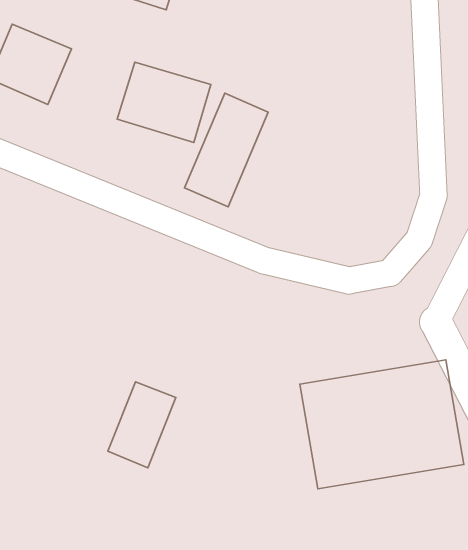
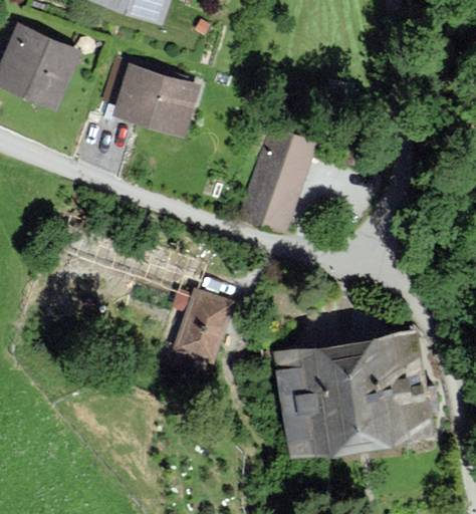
building: [185,93,268,207] -> [239,131,314,233]
building: [108,382,176,468] -> [173,294,234,371]

